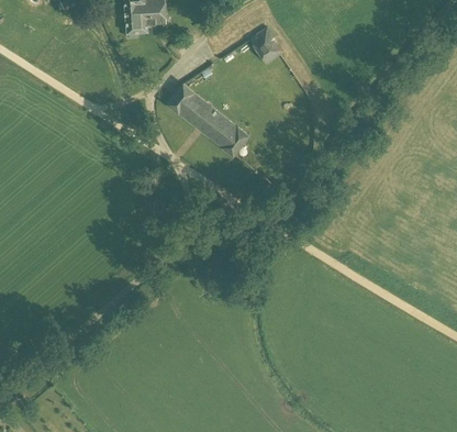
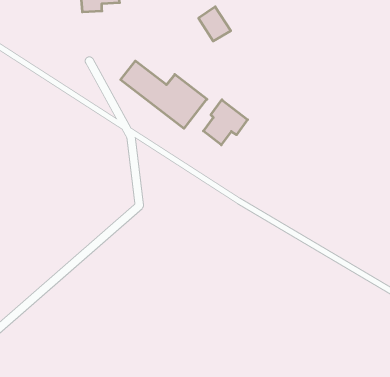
building: none -> [203,100,248,145]

